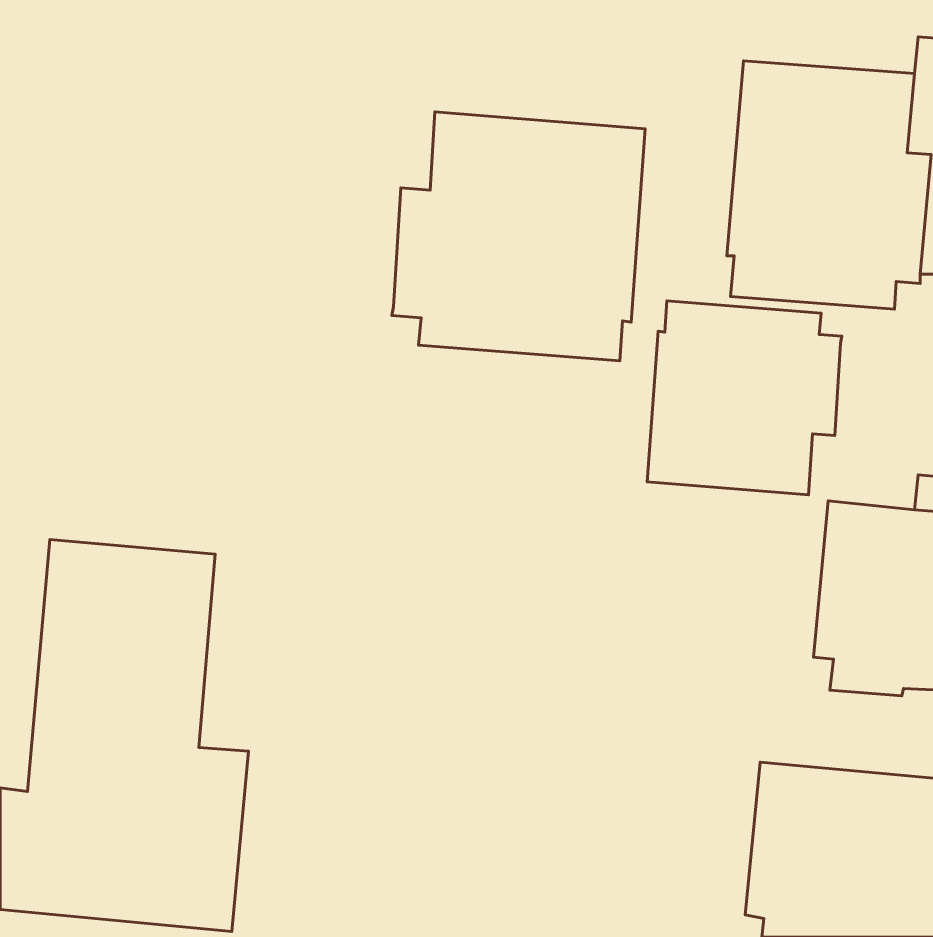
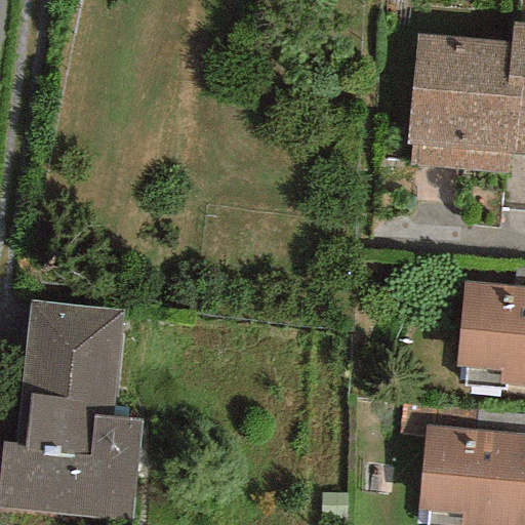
building: [392,112,645,361] -> none
building: [647,301,842,495] -> none

